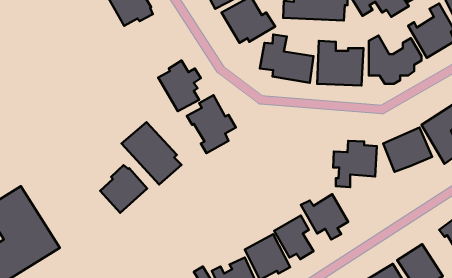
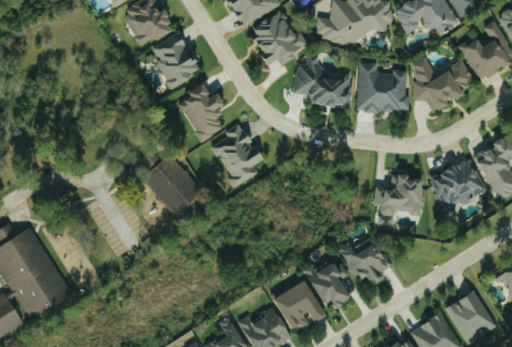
building: none -> [151,33,200,89]
building: [100,165,147,213] -> none

